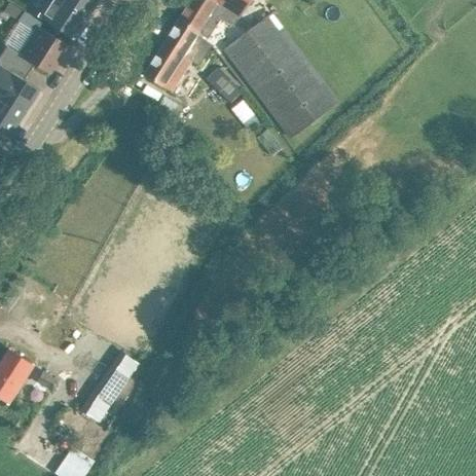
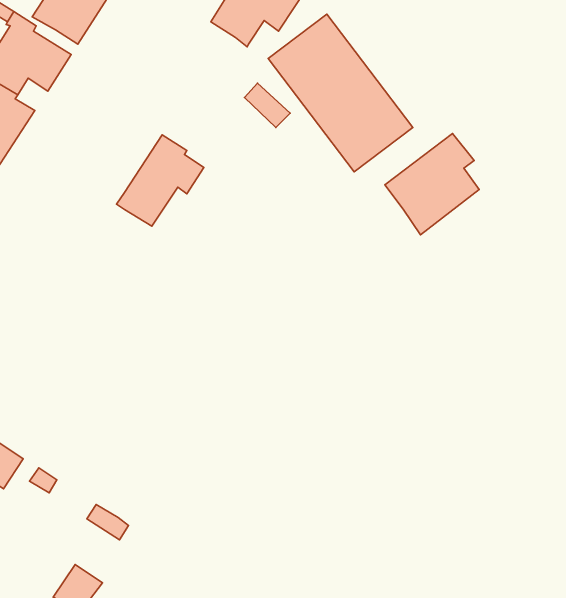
building: [143,20,212,91] -> [117,135,204,226]
building: none -> [385,133,479,235]
building: [91,366,129,405] -> none

